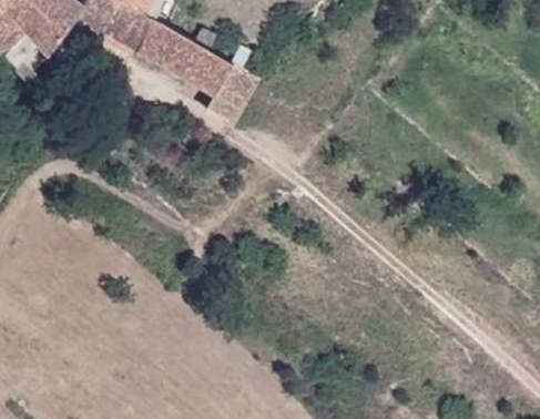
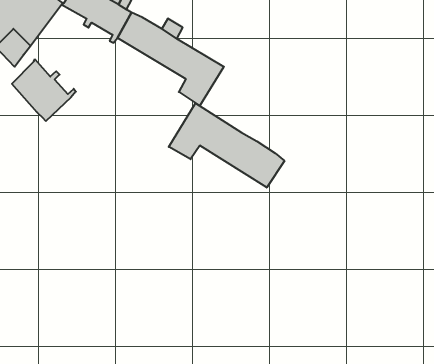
building: none -> [12,59,76,121]
building: none -> [169,103,284,188]

